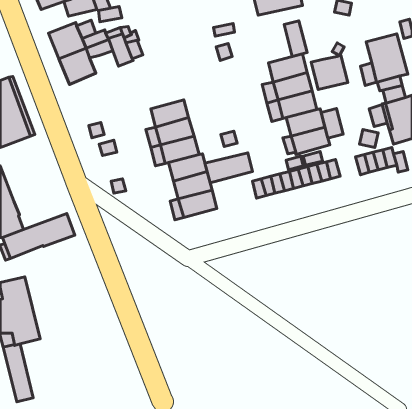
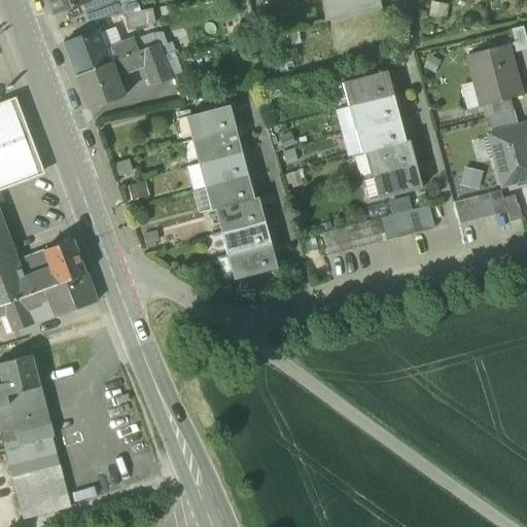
building: [284,21,307,57] -> none
building: [311,55,348,90] -> none
building: none -> [185,104,235,139]
building: [321,108,343,138] -> none
building: [205,153,253,183] -> none
building: none -> [17,238,85,293]
building: none -> [26,433,68,508]

